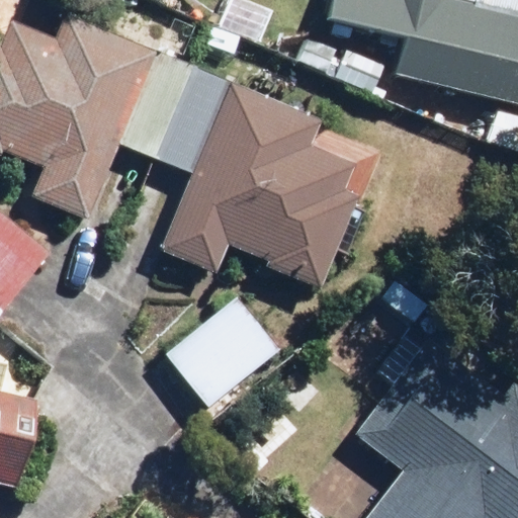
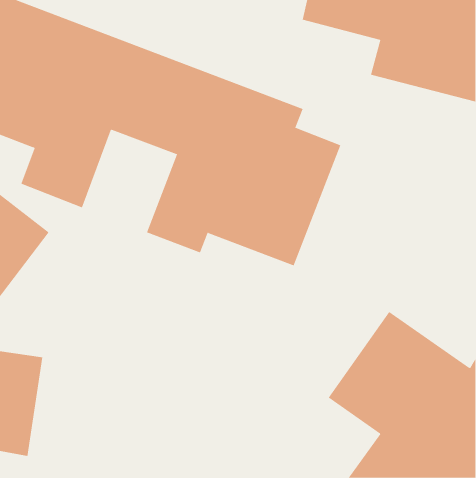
building: [172,300,281,406] -> none

